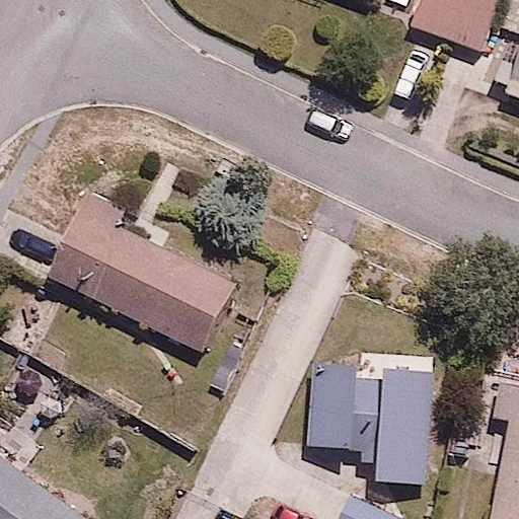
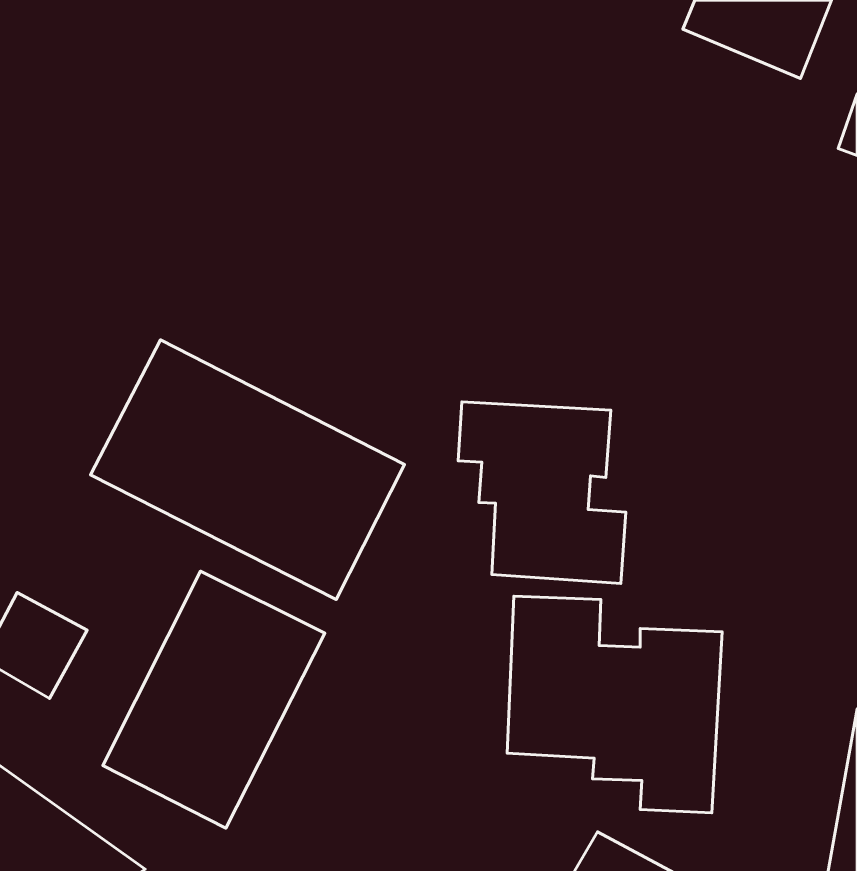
building: none -> [458,402,626,584]
building: none -> [103,571,325,828]

